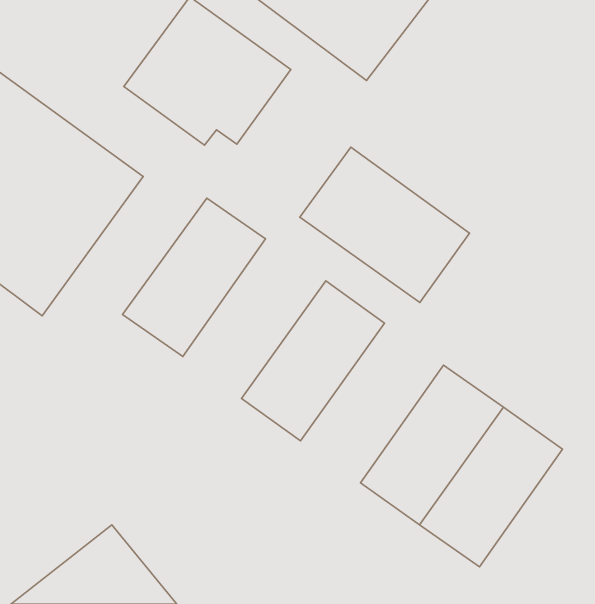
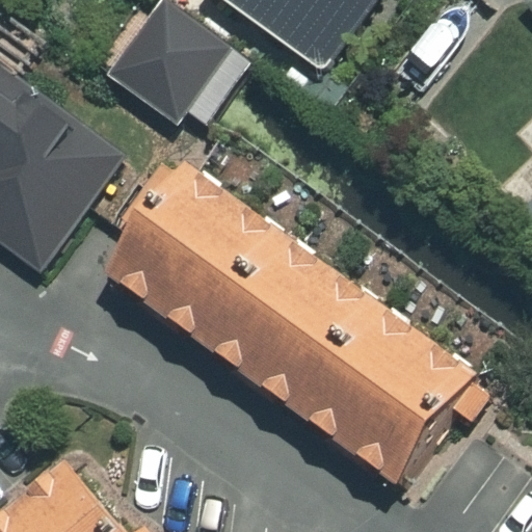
building: [300,147,469,303] -> none
building: none -> [158,207,282,345]
building: none -> [260,280,383,418]

